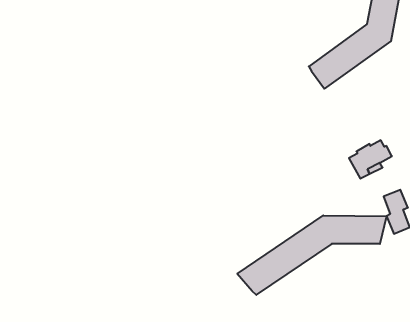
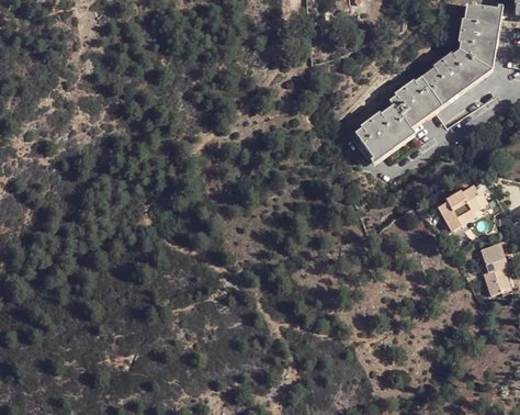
building: none -> [355,104,414,158]
building: [237,215,386,295] -> none

